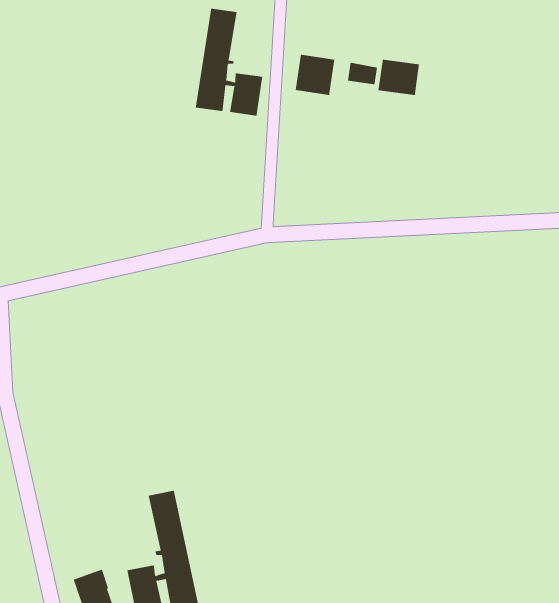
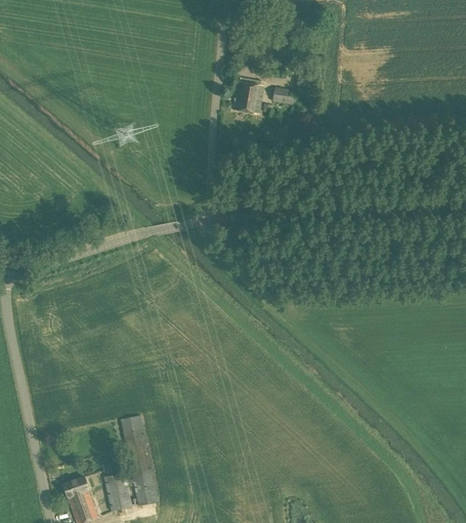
building: [195,8,263,116] -> none
building: [378,59,420,96] -> none

